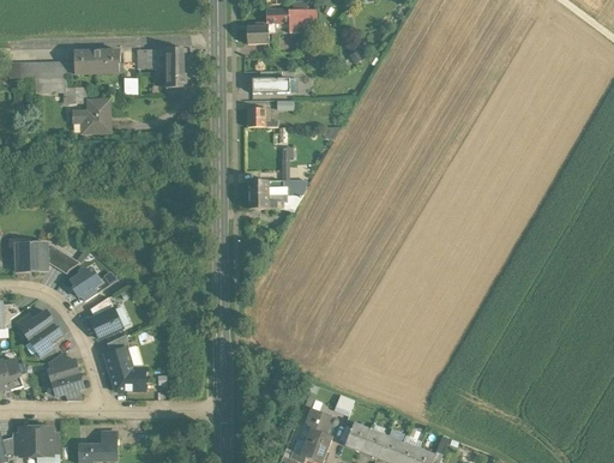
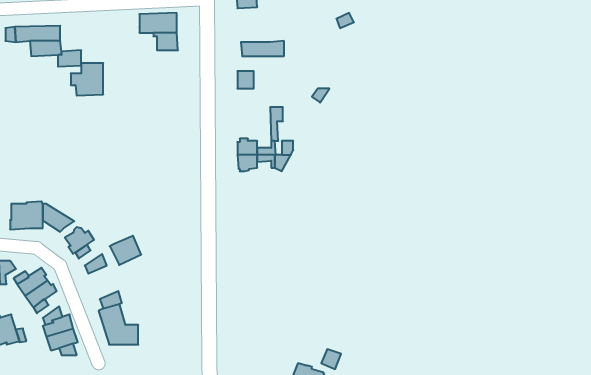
building: [73,49,119,72] -> none
building: [89,307,121,337] -> [110,236,141,265]

